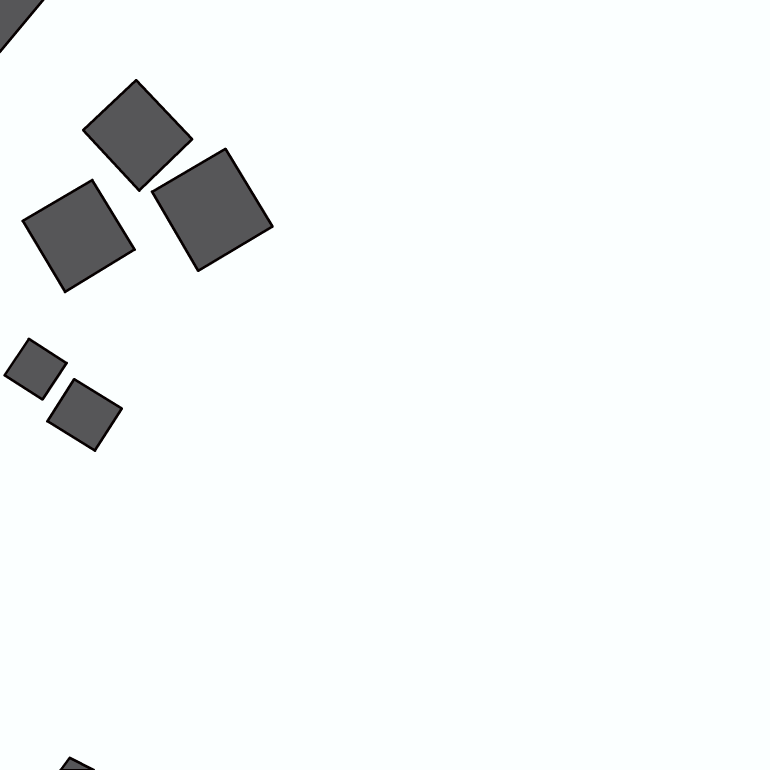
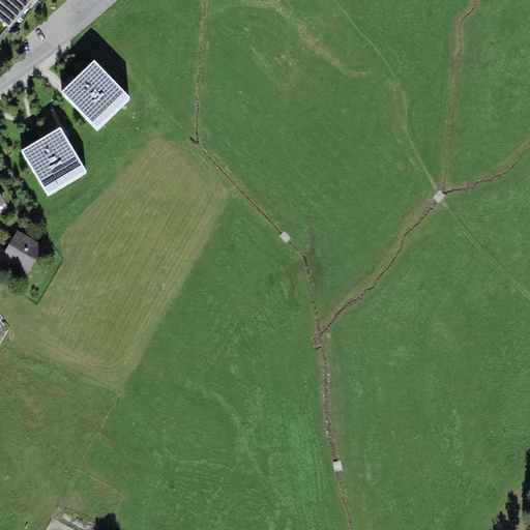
building: [152,149,272,271] -> none
building: [47,379,122,451] -> none

